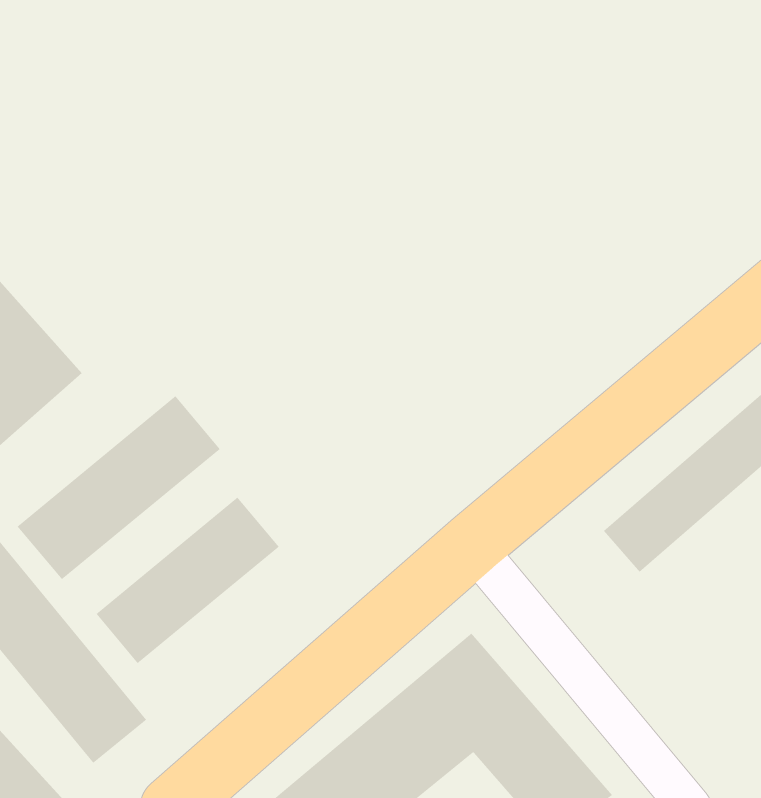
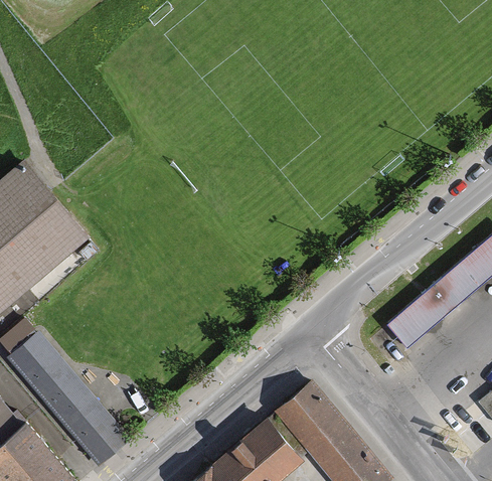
building: [17,395,221,580] -> none
building: [95,496,280,664] -> none

